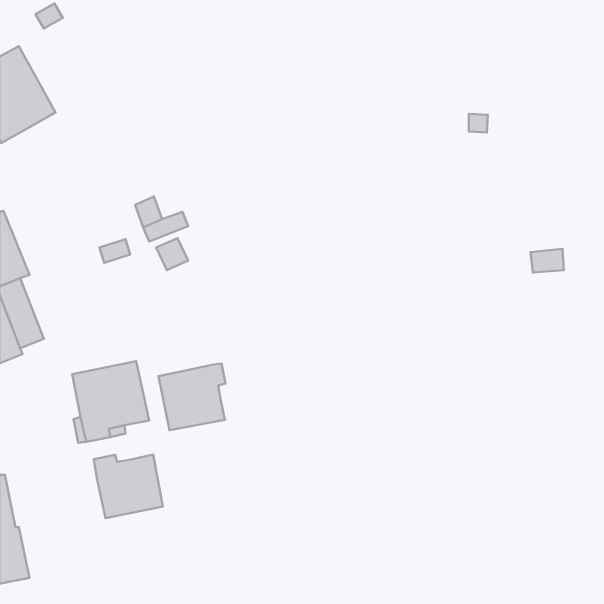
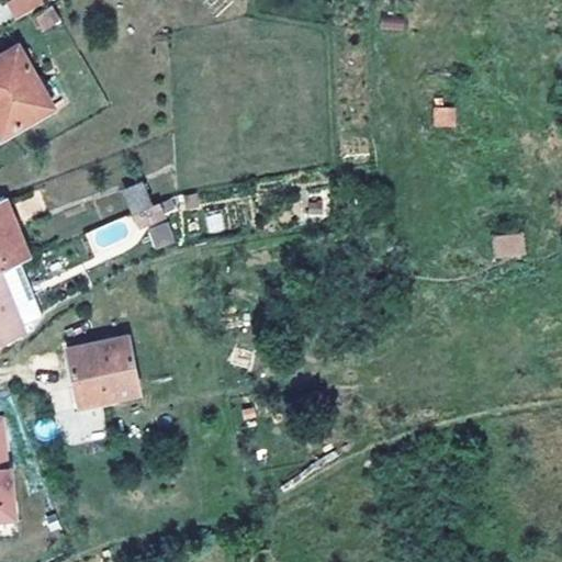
building: [158,364,226,430] -> none
building: [94,455,163,518] -> none

